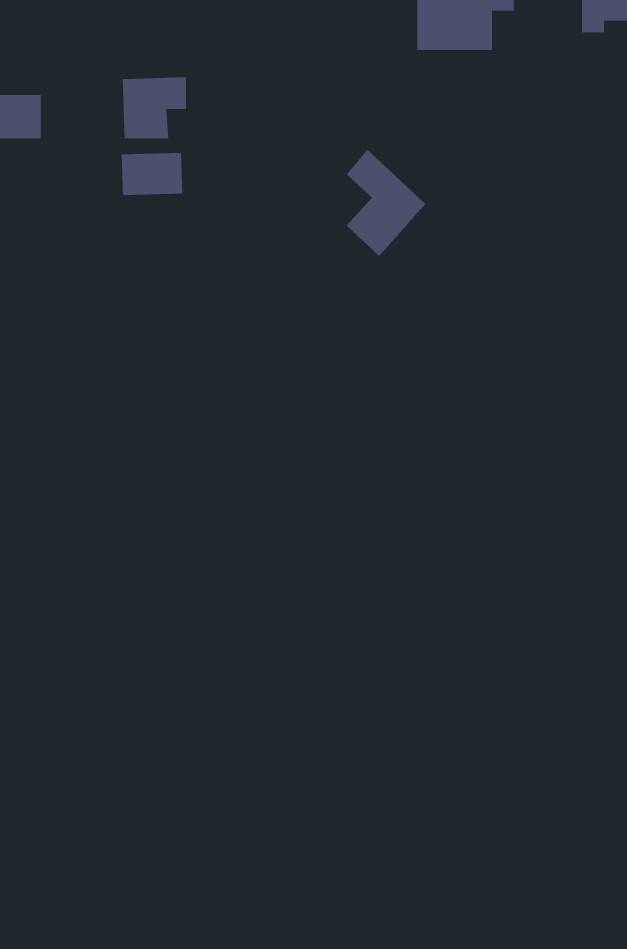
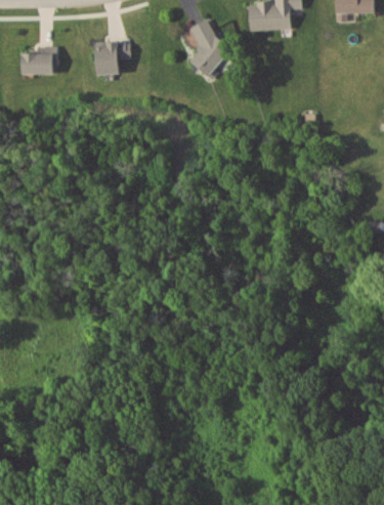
building: [346,149,426,257] -> [189,19,231,76]
building: [121,152,183,196] -> none

